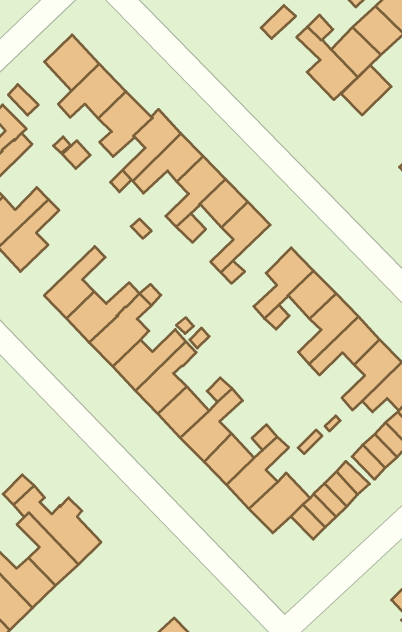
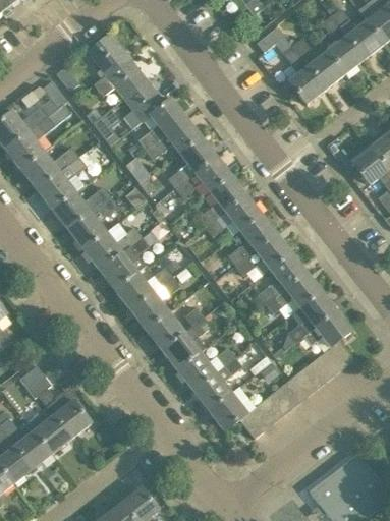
building: [341,65,391,115] -> none
building: none -> [224,194,261,231]
building: none -> [51,186,110,230]

